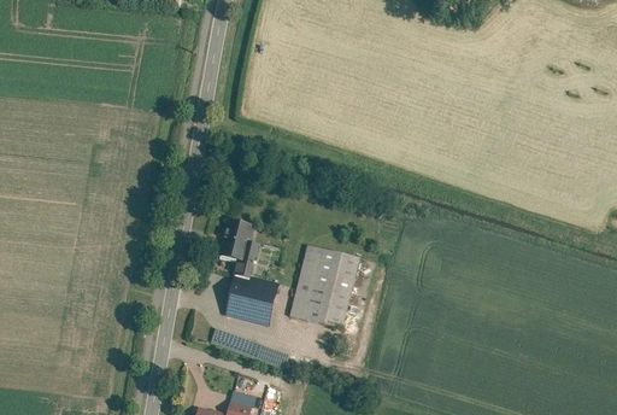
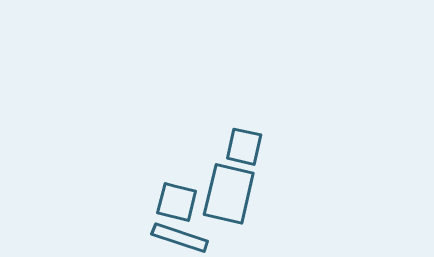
building: none -> [227,129,261,165]
building: [217,220,255,276] -> none

